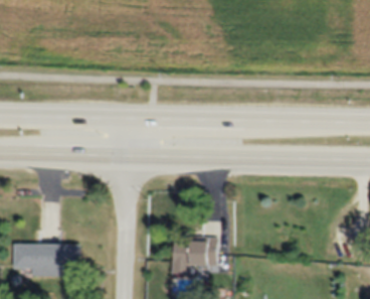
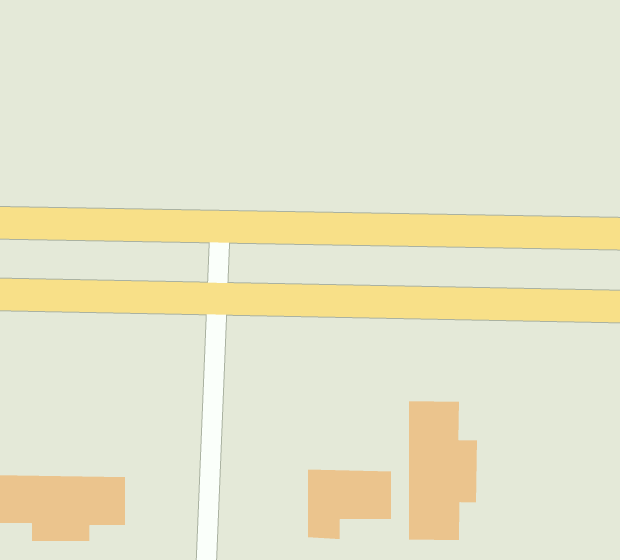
building: none -> [408,400,478,541]

